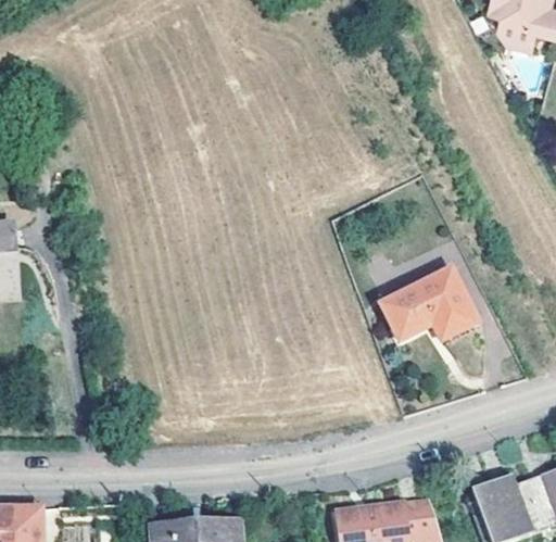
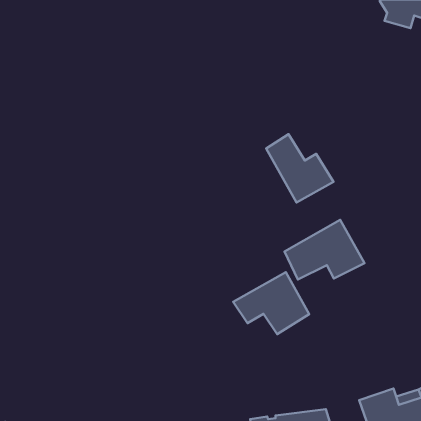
building: none -> [266,134,334,203]
building: none -> [233,272,309,334]

